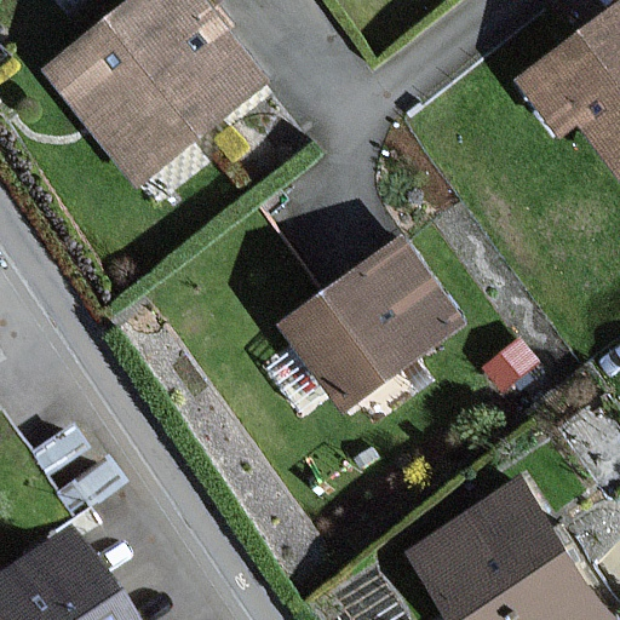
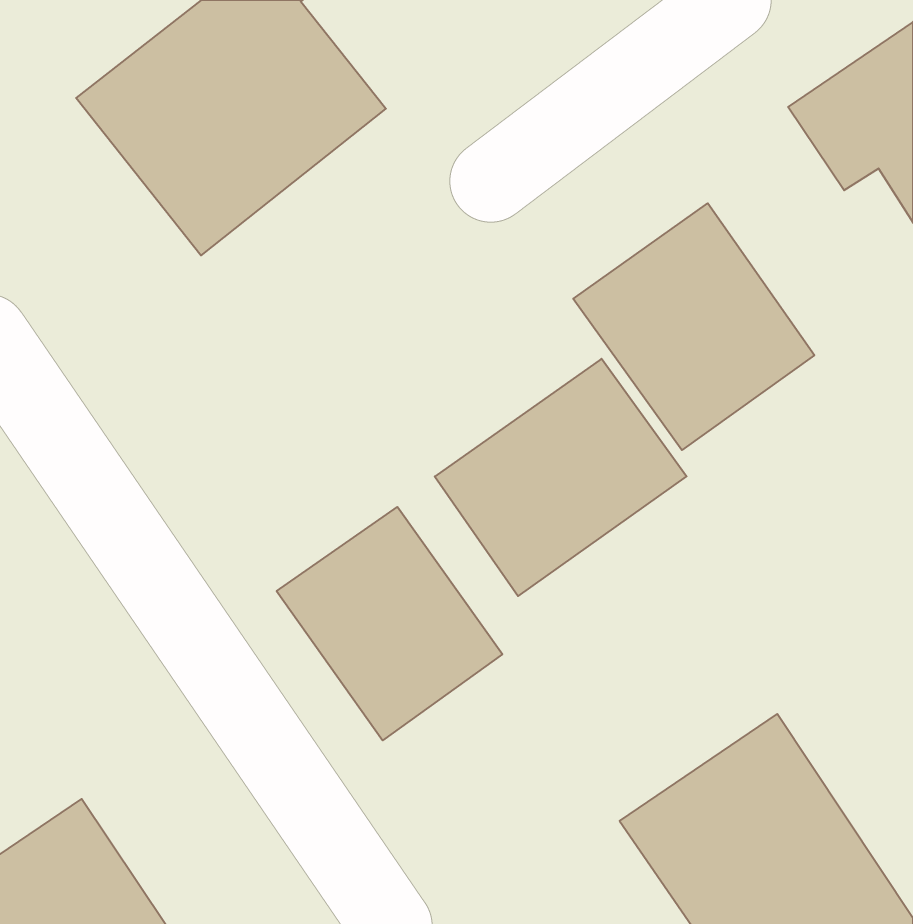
building: none -> [573,203,814,450]
building: none -> [277,507,502,740]

